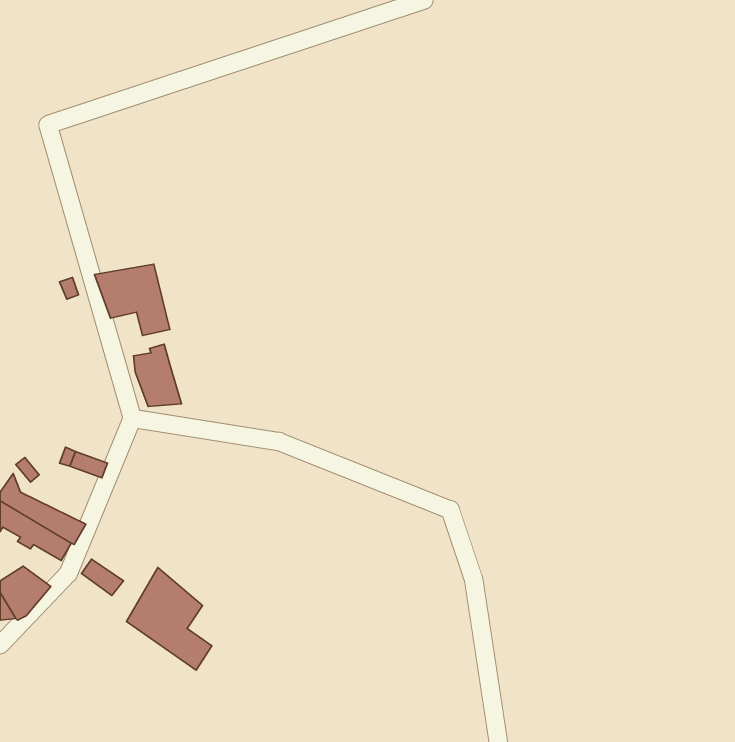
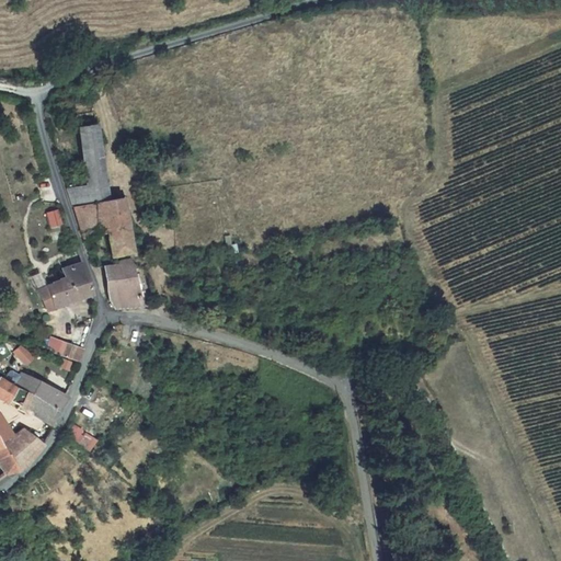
building: none -> [70,126,122,207]
building: none -> [35,262,95,311]
building: [127,568,212,670] -> none

